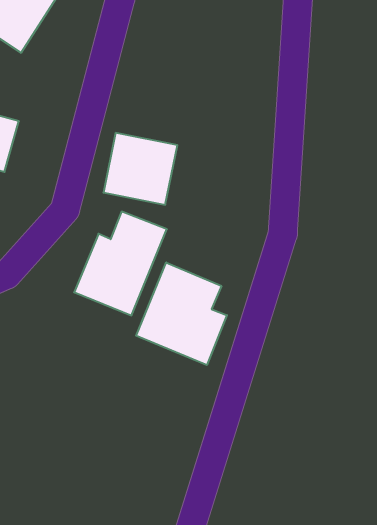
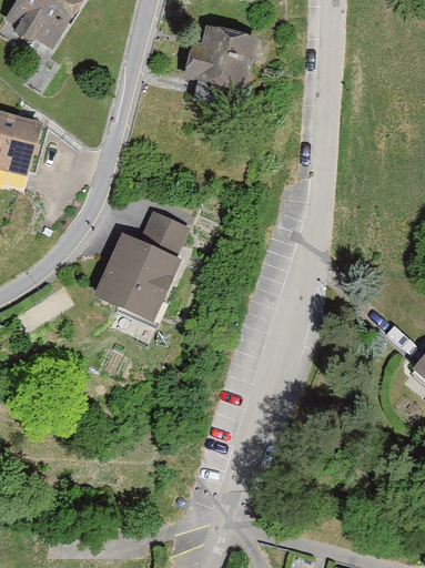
building: [103,133,177,205] -> [183,22,257,94]
building: [136,262,227,365] -> none

